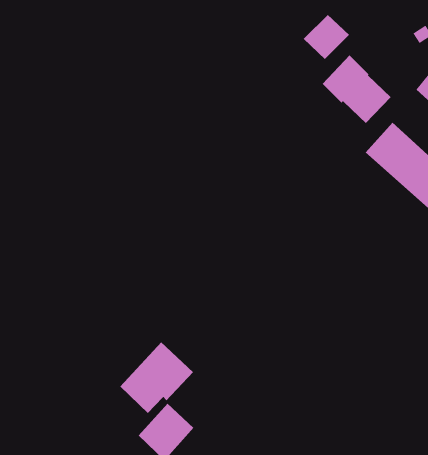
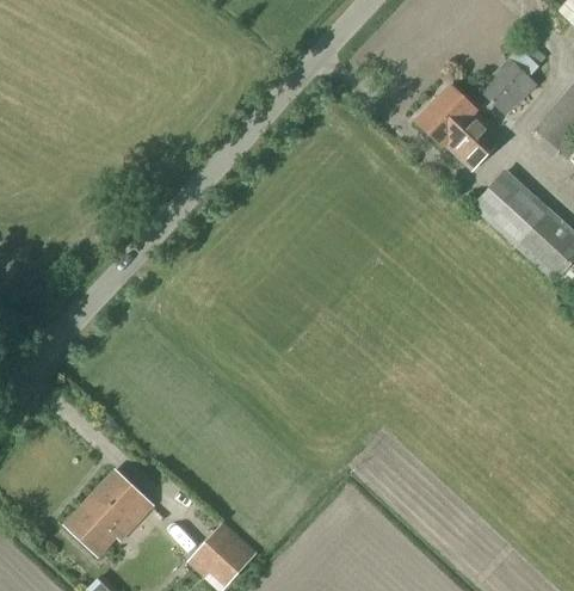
building: [303,14,350,60] -> [480,57,538,115]
building: [119,342,194,414] -> [63,467,156,558]

